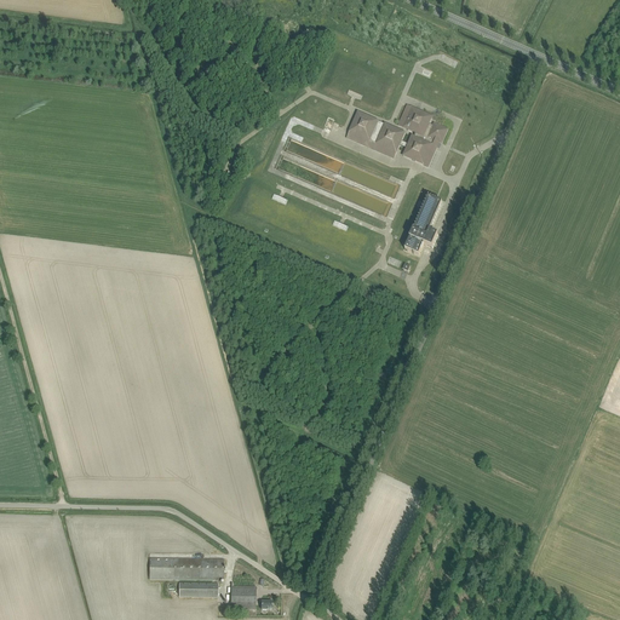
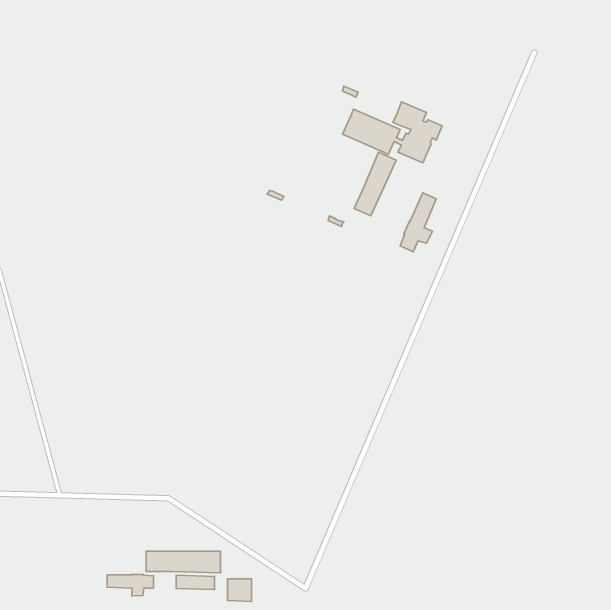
building: none -> [354,152,396,216]
building: none -> [107,574,153,596]

